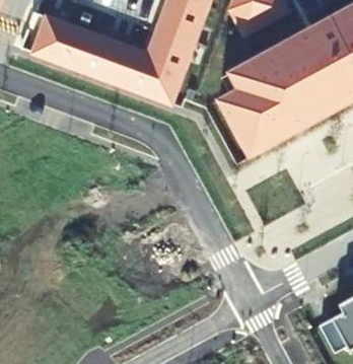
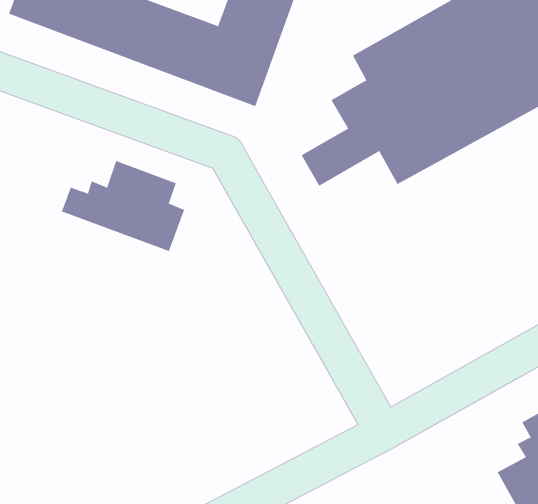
building: none -> [61,160,185,252]

